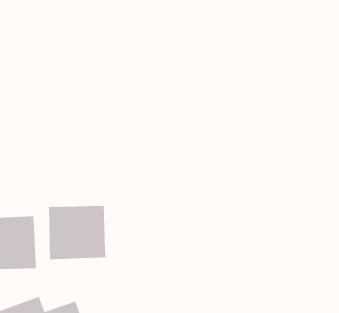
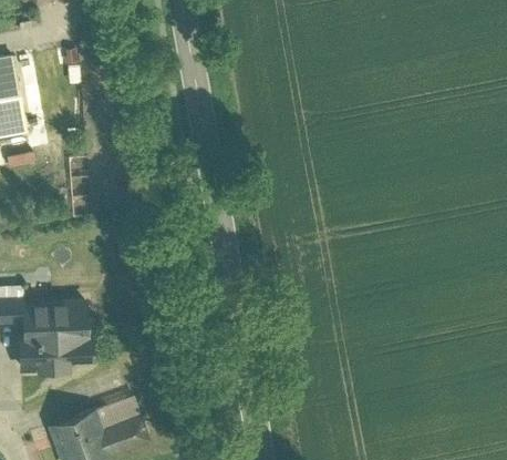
building: [48,205,106,260] -> none

